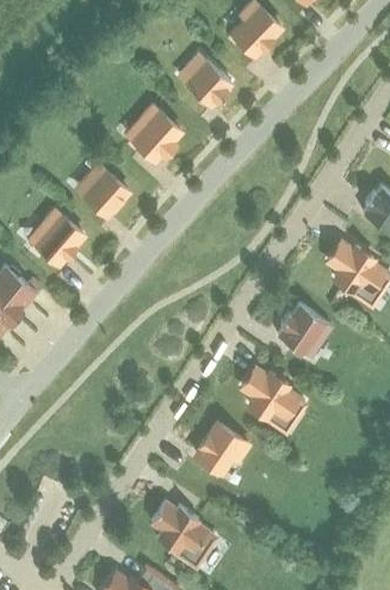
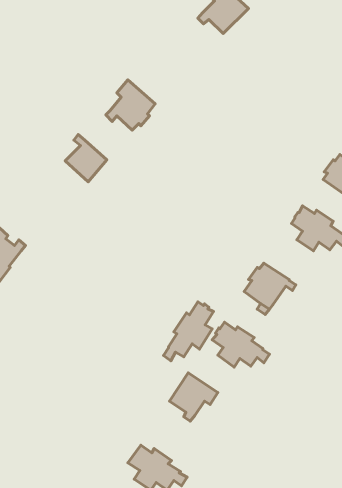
building: [184,55,231,106] -> none
building: [30,210,83,265] -> none
building: none -> [164,302,213,361]

